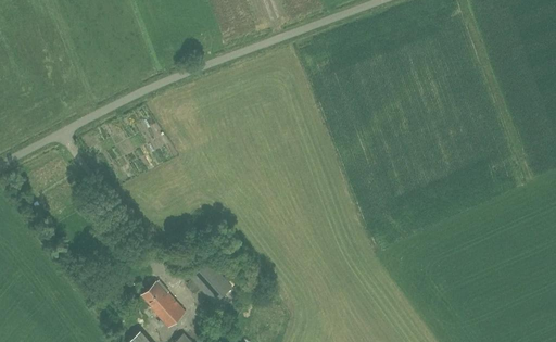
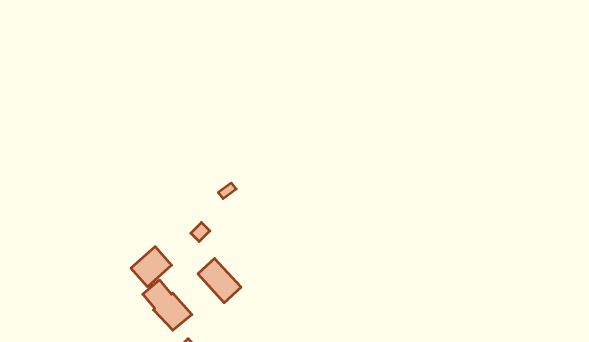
building: none -> [131,247,172,287]

